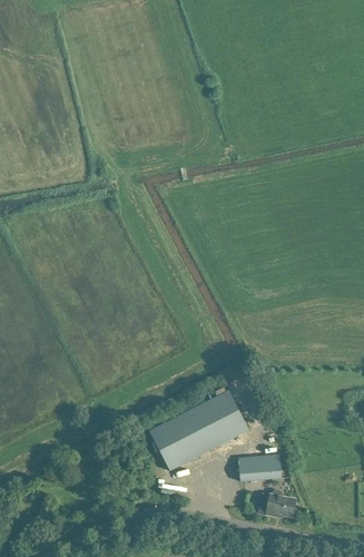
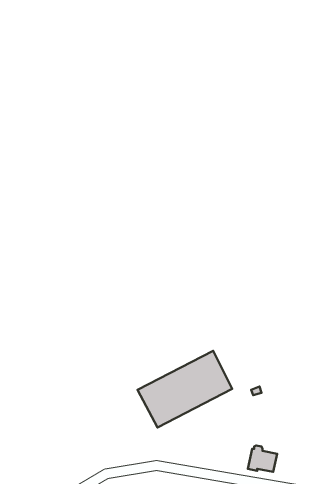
building: [238,453,282,480] -> none

